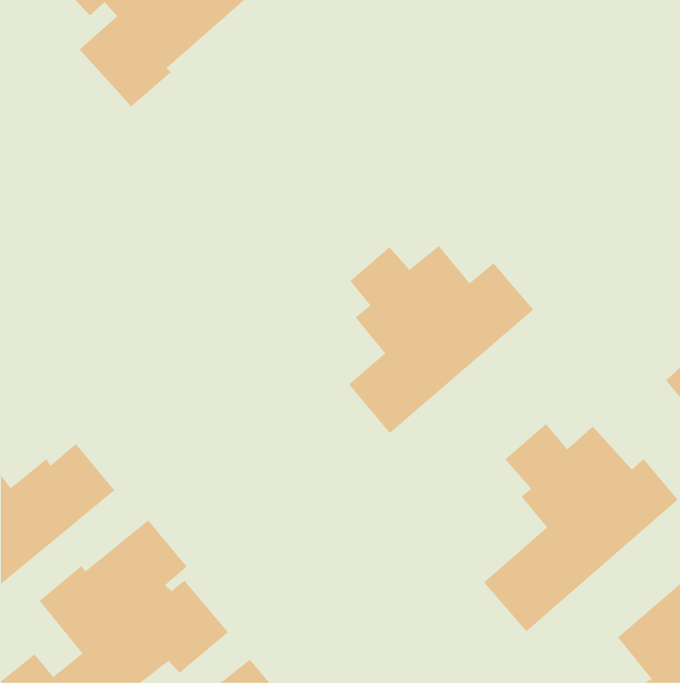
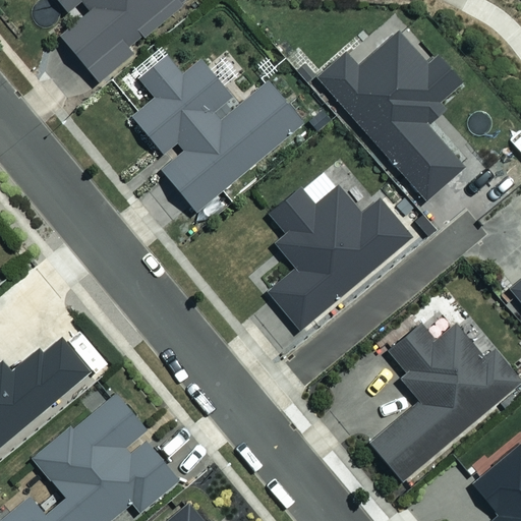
building: none -> [317,32,462,199]
building: none -> [135,54,302,211]

